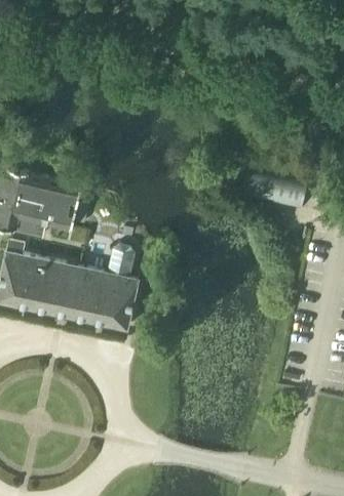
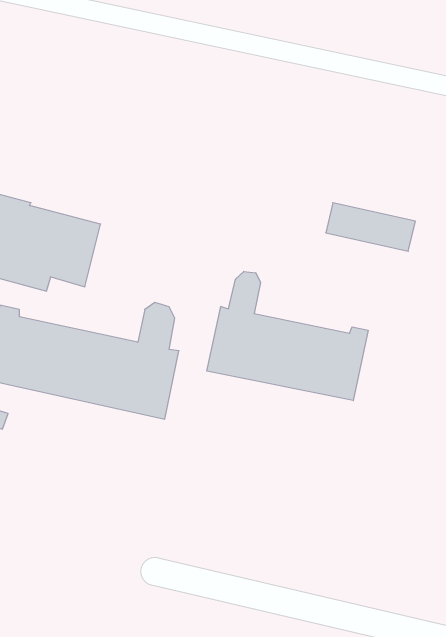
building: none -> [207,271,368,401]

